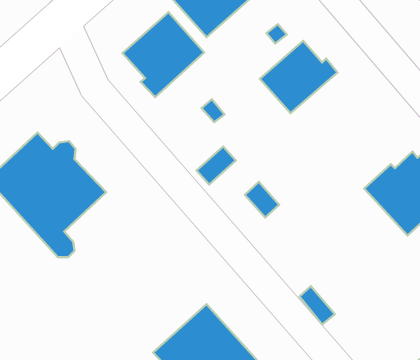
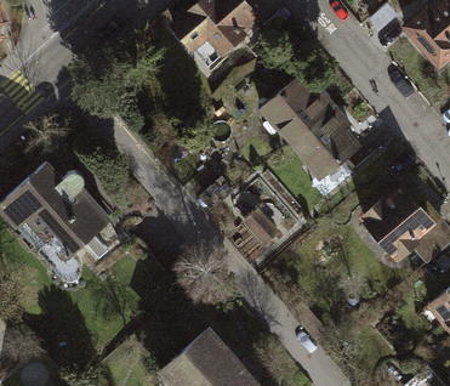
building: [123,12,204,97] -> none
building: none -> [287,104,359,178]

